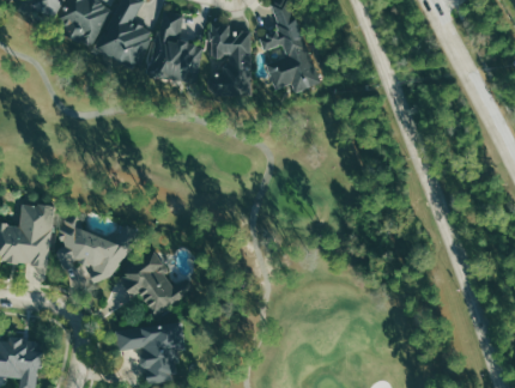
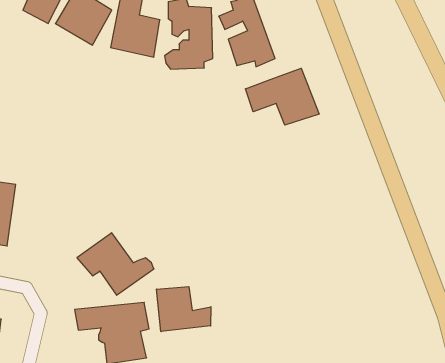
building: none -> [245,68,319,125]
building: [56,224,140,280] -> none
building: none -> [157,287,211,332]

